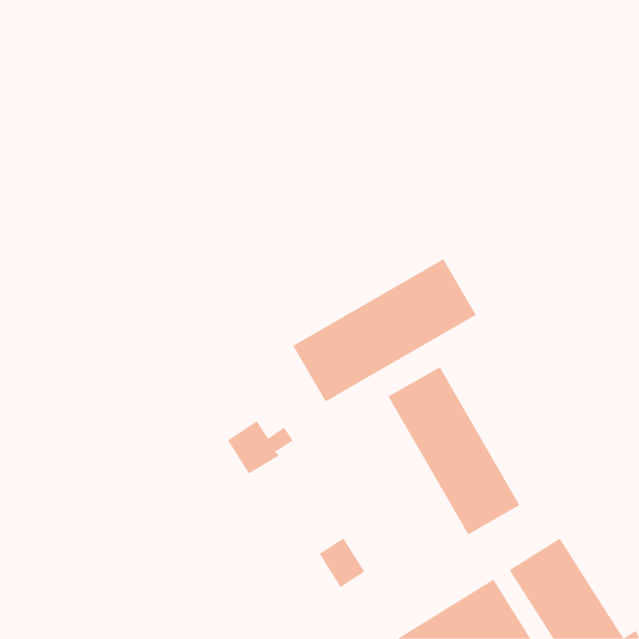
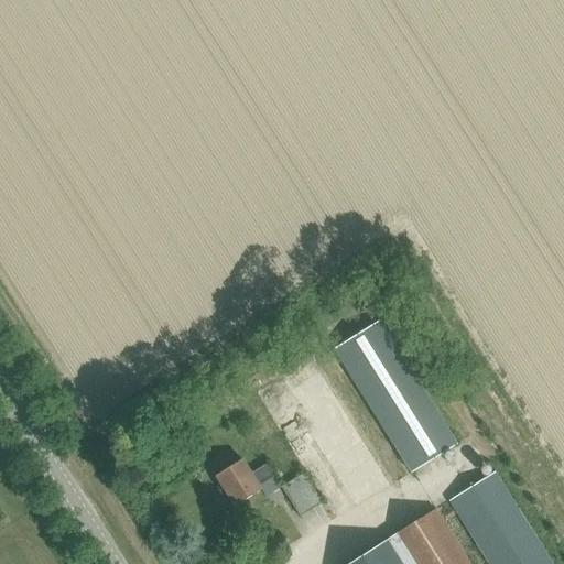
building: [292,258,476,402] -> none
building: [227,420,293,474] -> [215,459,273,507]

